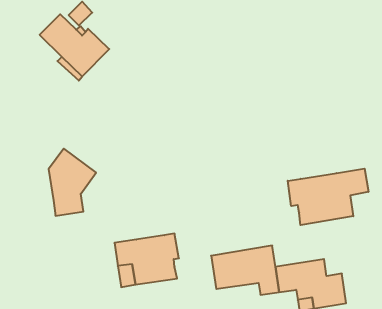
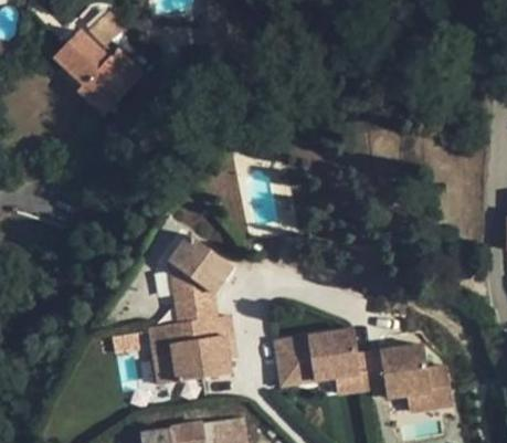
building: [49,149,96,216] -> [170,234,232,321]
building: [288,169,368,225] -> none

